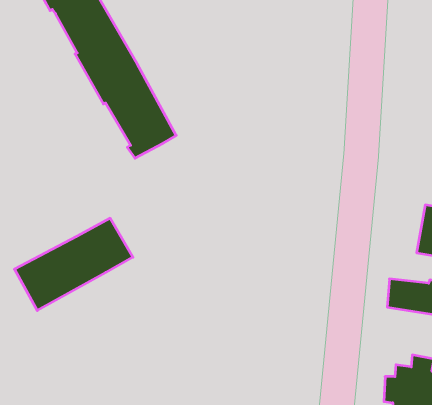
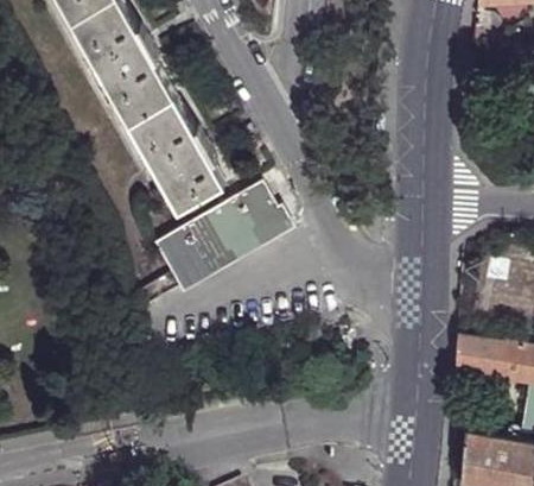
building: [14,218,133,311] -> [157,184,286,285]

